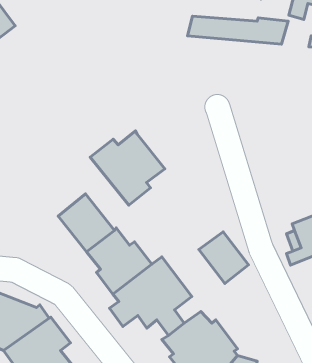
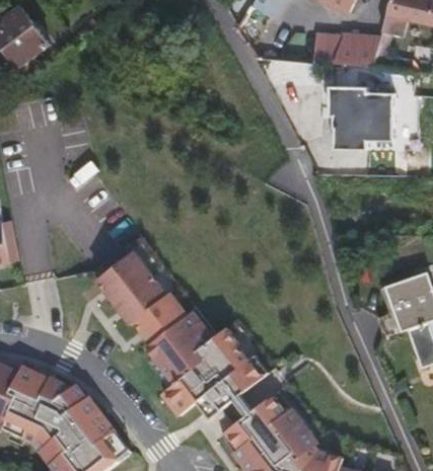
building: none -> [327,82,392,147]
building: [90,131,165,205] -> none
building: [199,232,248,283] -> none

